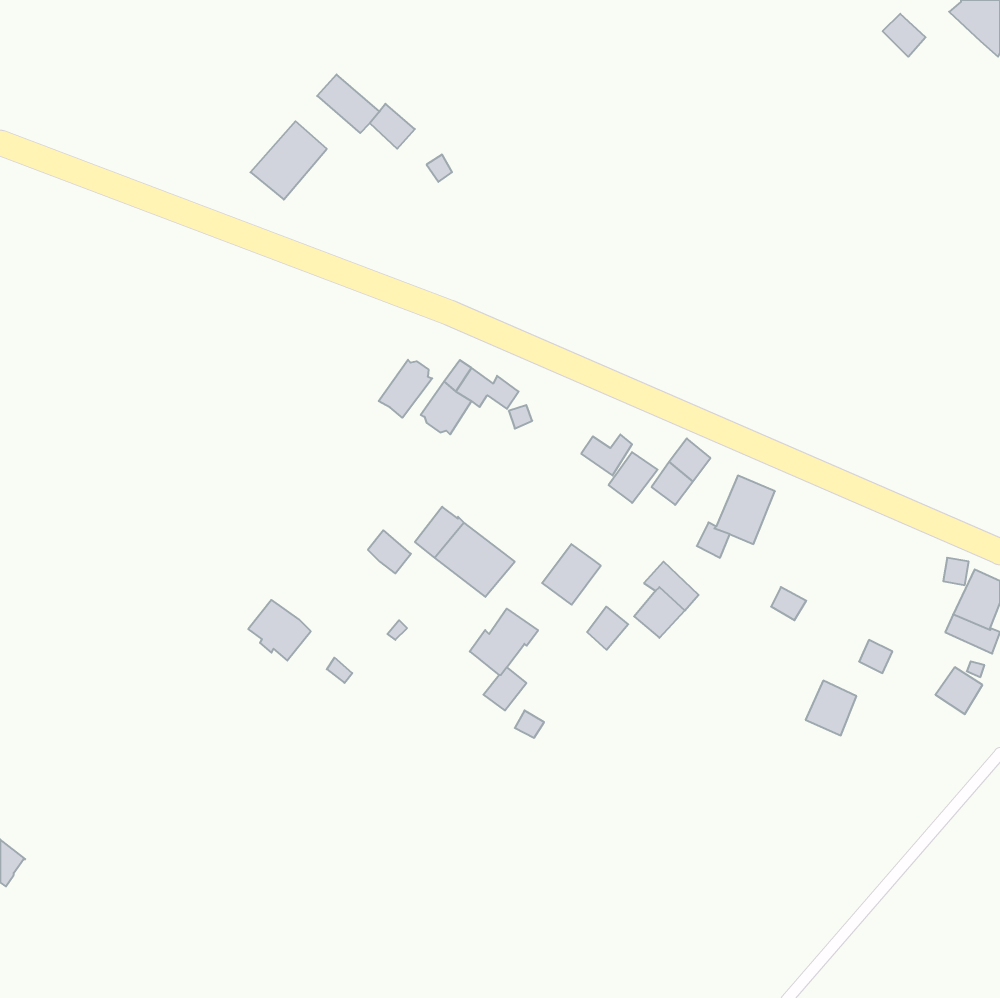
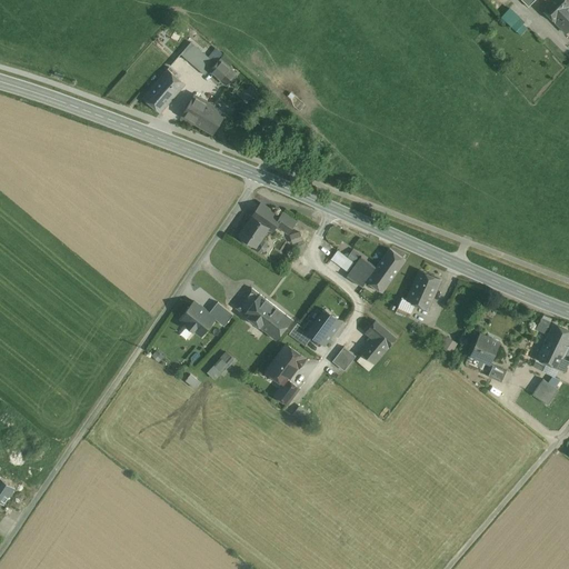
building: none -> [181,96,226,136]
building: [379,360,432,418] -> none
building: [248,600,311,661] -> [180,302,216,337]
building: [806,681,856,735] -> [471,333,500,365]

